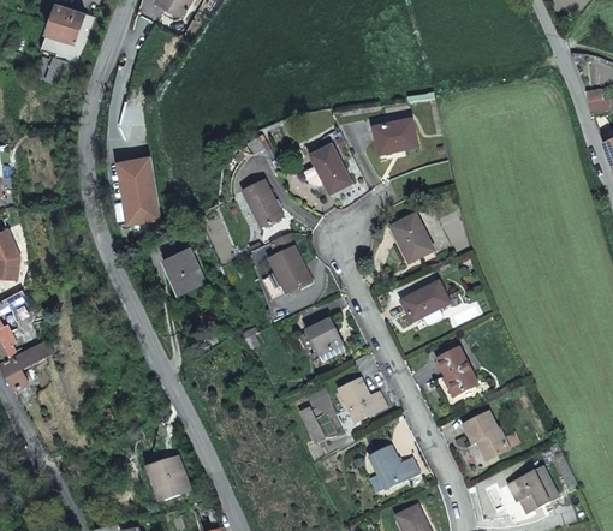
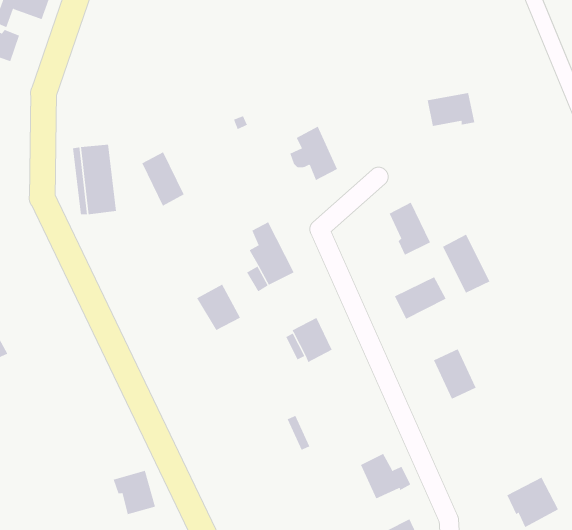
building: [381,119,425,150] -> [427,92,475,126]
building: [244,175,284,226] -> [141,151,185,206]
building: none -> [442,234,490,294]
building: [161,250,202,293] -> [196,284,241,331]
building: [343,378,389,420] -> none
building: [464,412,508,458] -> none

